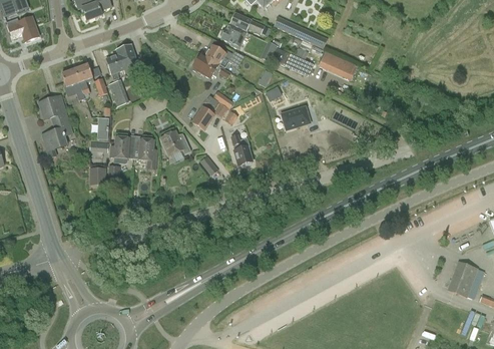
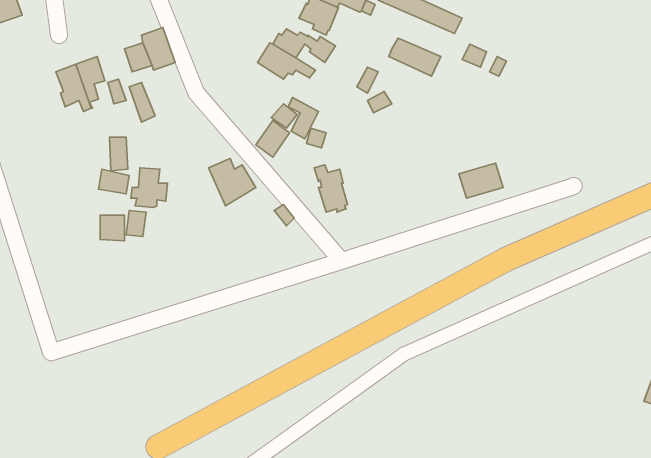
building: [37,93,72,150] -> none
building: [282,106,311,129] -> [459,163,503,198]
building: [133,138,156,169] -> none

